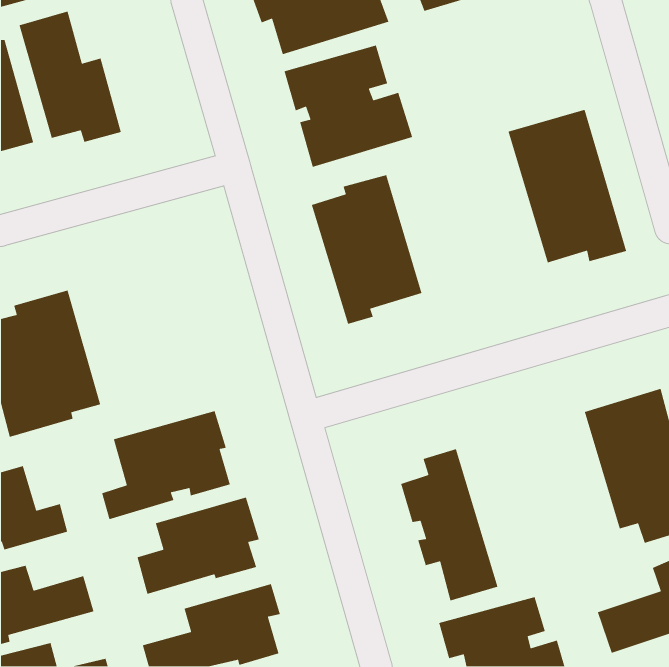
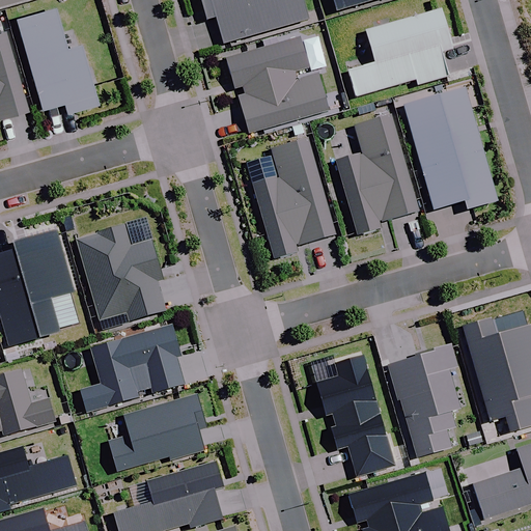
building: none -> [347,8,452,95]
building: none -> [335,113,419,234]
building: none -> [77,224,165,328]
building: none -> [388,343,459,456]

